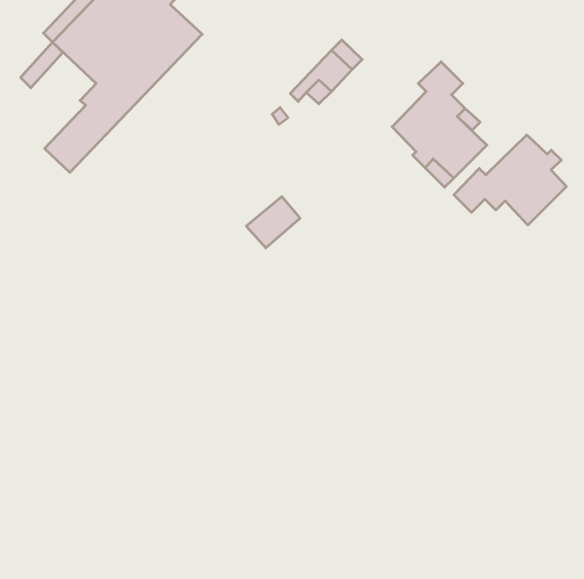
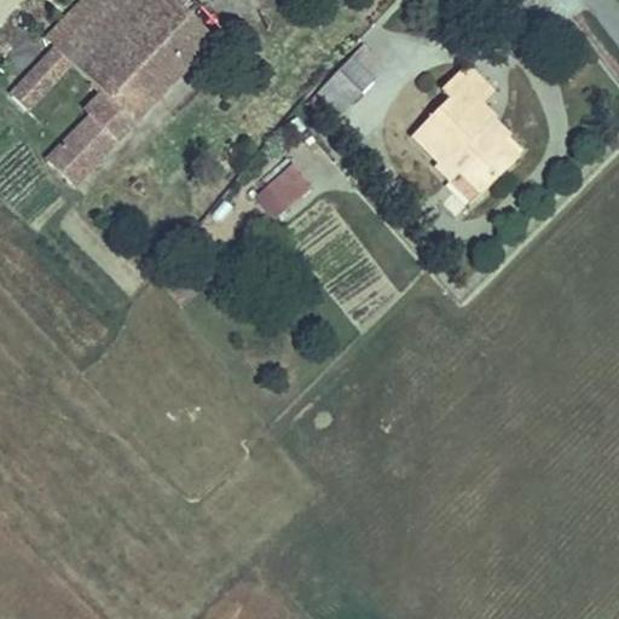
building: [454,135,566,225] -> none
building: [246,197,300,248] -> [255,160,312,214]

